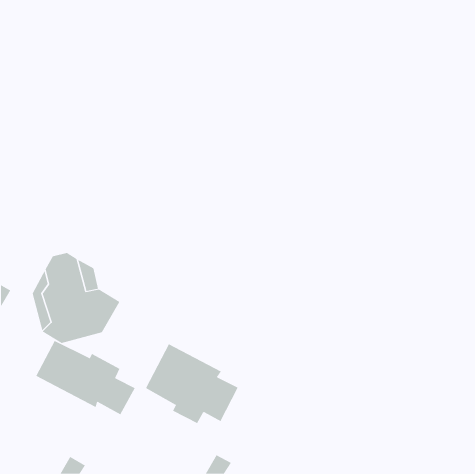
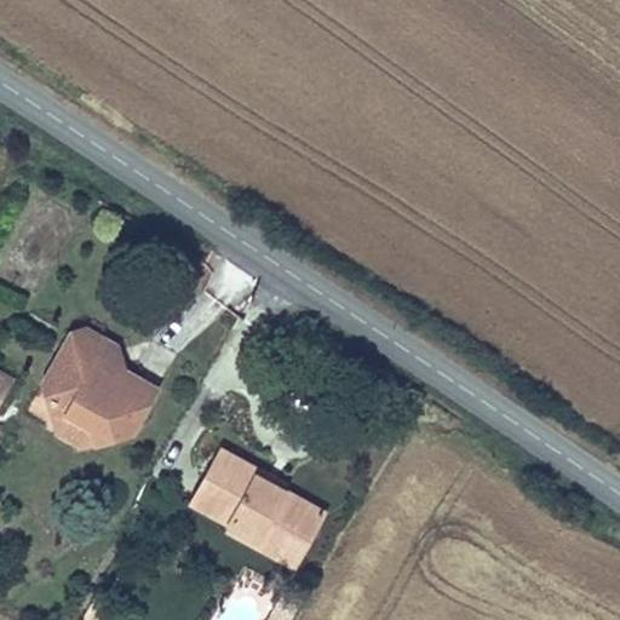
building: [35,340,135,415] -> none
building: none -> [258,504,327,572]

